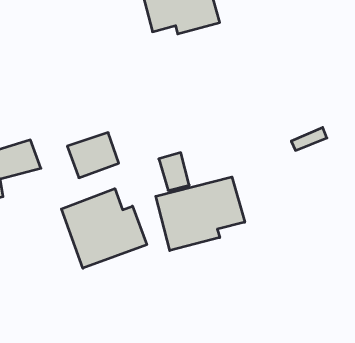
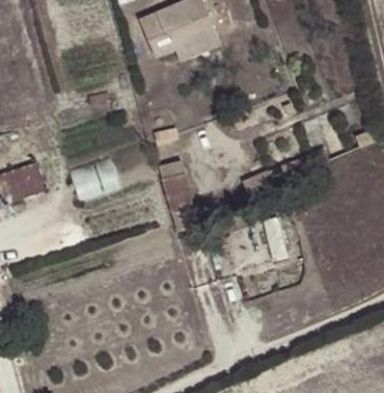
building: [156,177,245,251] -> none
building: [61,189,147,268] -> none

